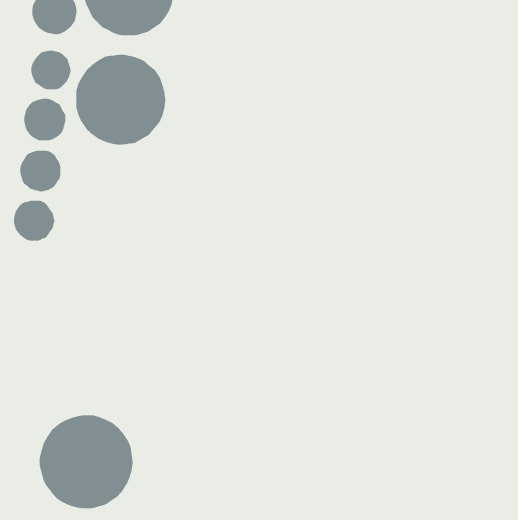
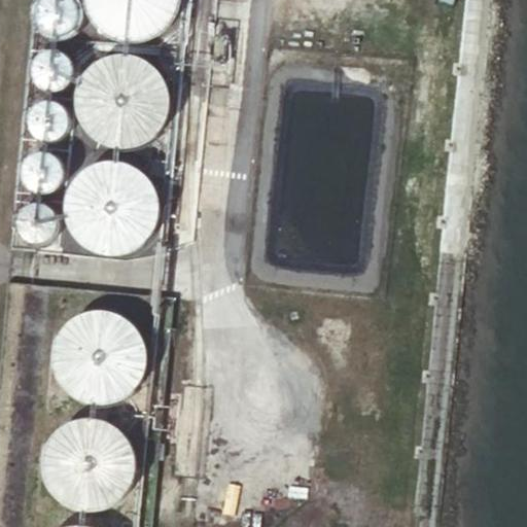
building: none -> [64,161,157,254]
building: none -> [54,311,143,400]

